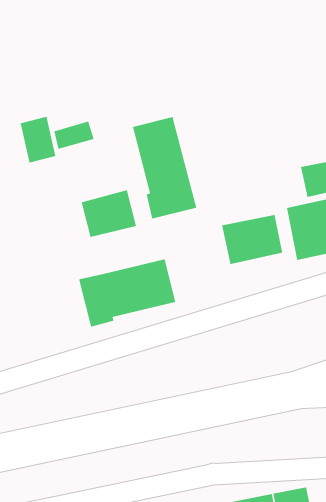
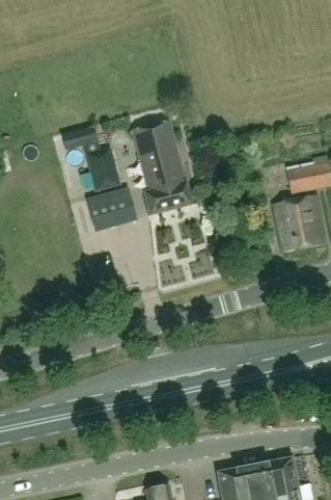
building: [20,116,56,163] -> [86,148,119,190]
building: [222,214,283,265] -> none
building: [79,259,176,328] -> none

